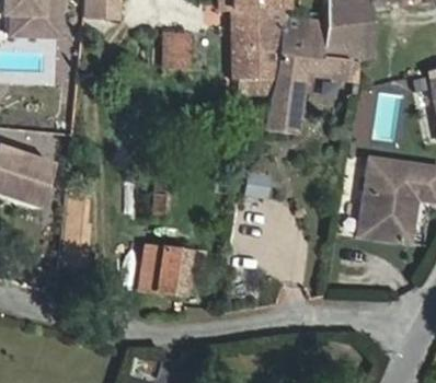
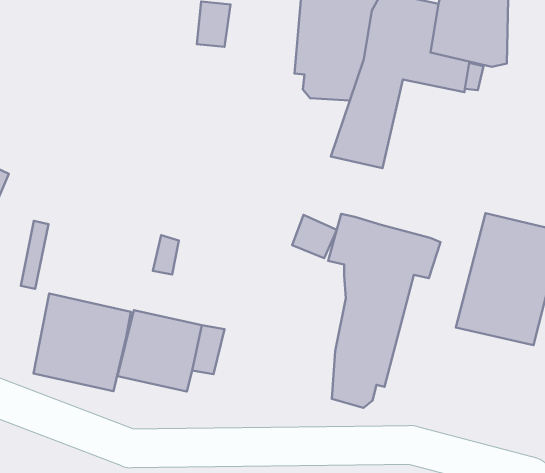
building: none -> [328,214,441,408]
building: none -> [34,293,131,391]

